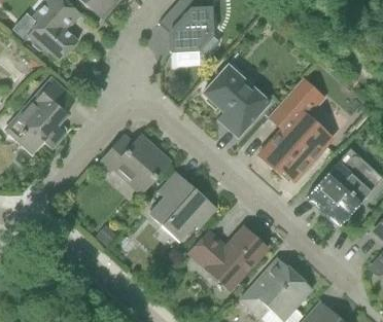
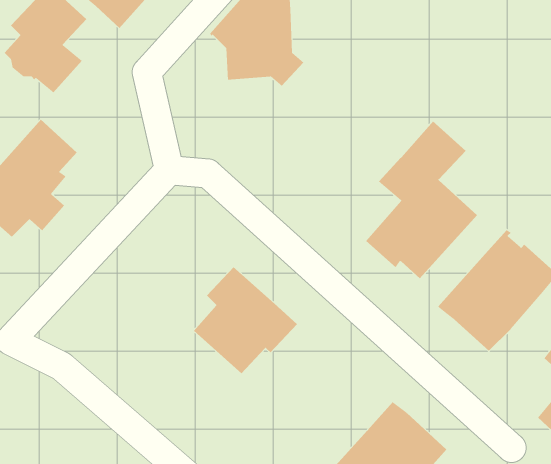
building: [203,65,270,137] -> none
building: [100,135,170,192] -> none
building: [188,227,267,290] -> none

